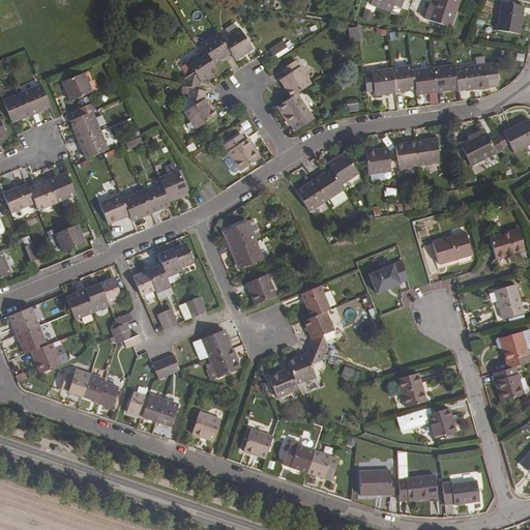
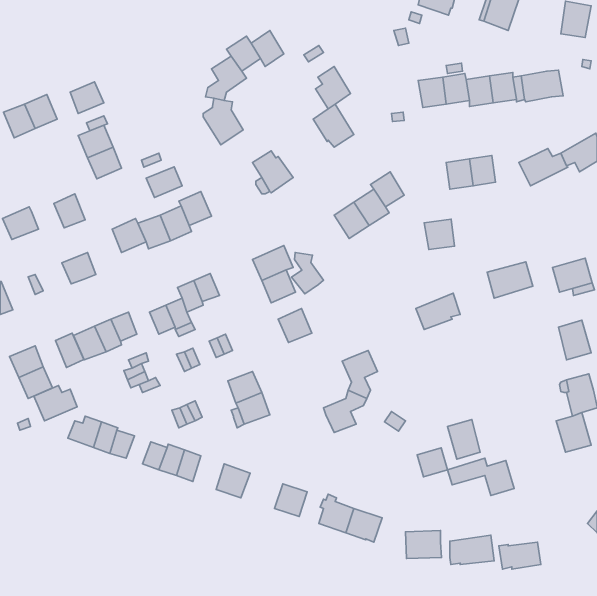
building: [364,147,391,174] -> [424,219,455,250]
building: none -> [146,167,182,198]
building: [28,180,57,210] -> none
building: none -> [292,253,323,294]
building: [301,285,330,317] -> none
building: none -> [55,333,84,367]
building: [268,367,298,398] -> none
building: none -> [417,448,447,477]

